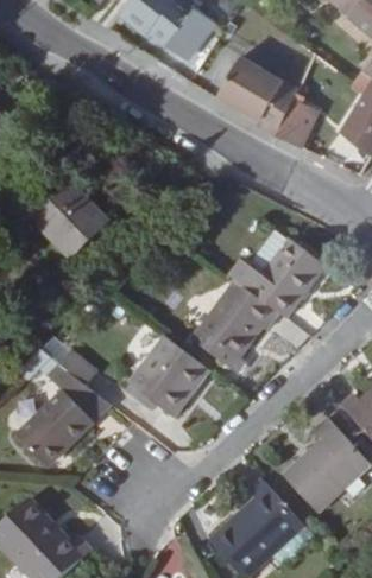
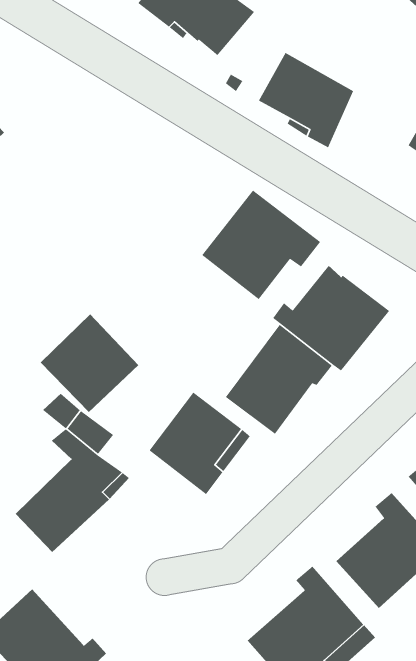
building: [273,85,323,146] -> none
building: none -> [201,190,321,300]
building: [29,178,111,260] -> [40,313,139,413]

